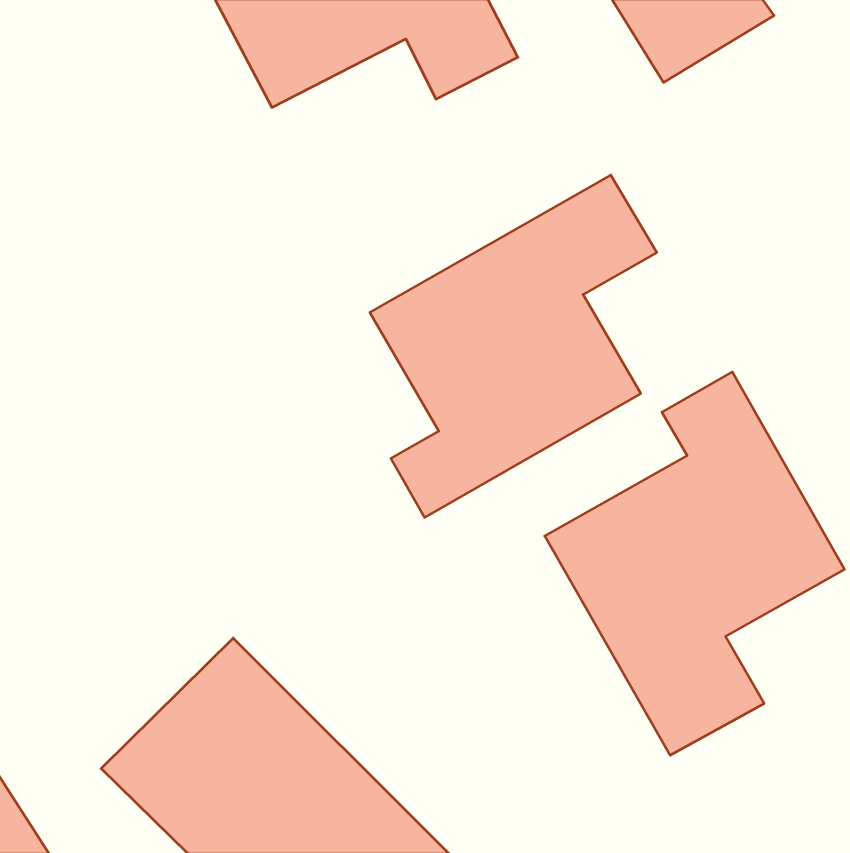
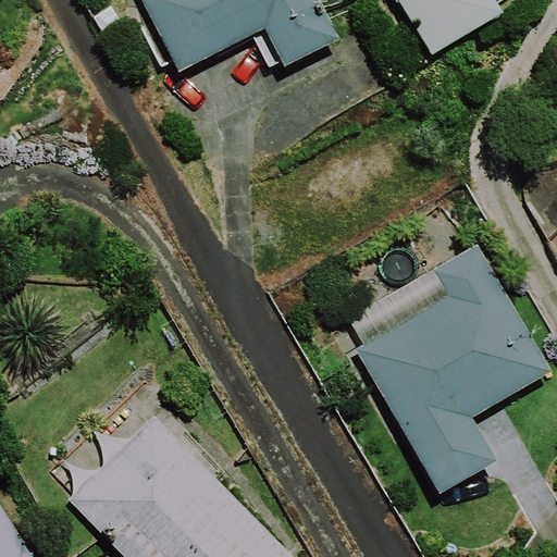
building: [370,175,657,517] -> none

